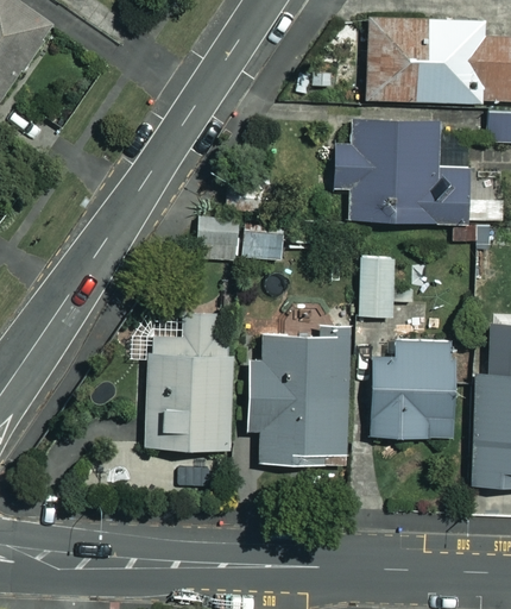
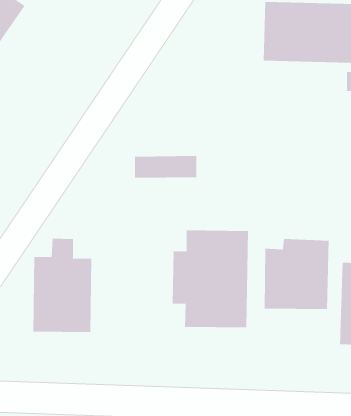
building: [333,117,471,224] -> none
building: [357,255,396,314] -> none
building: [150,321,231,450] -> [33,238,92,333]

